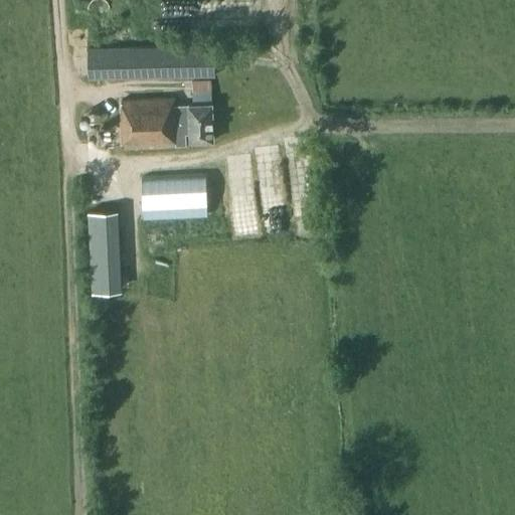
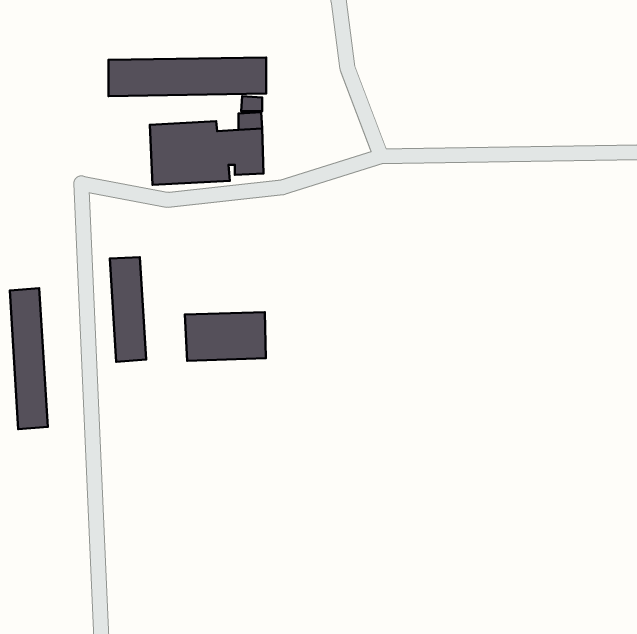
building: [142,178,207,217] -> [185,312,266,361]
building: none -> [10,288,48,429]

